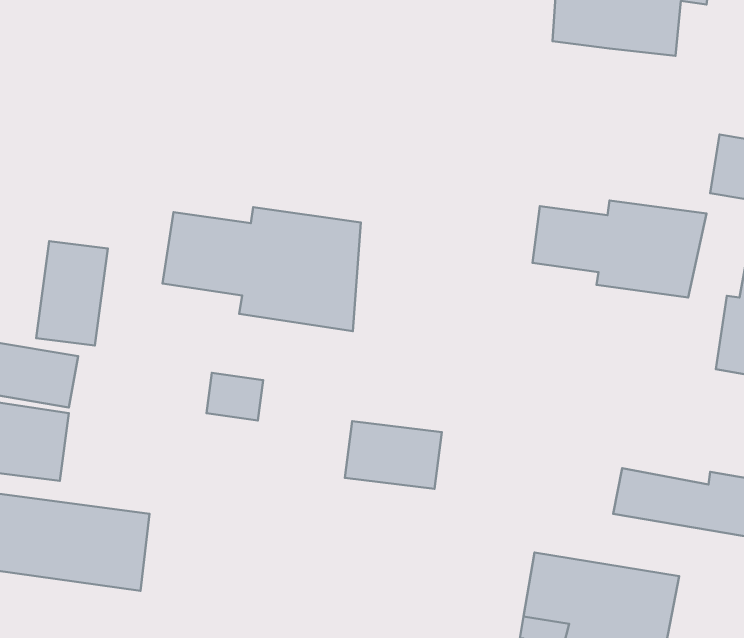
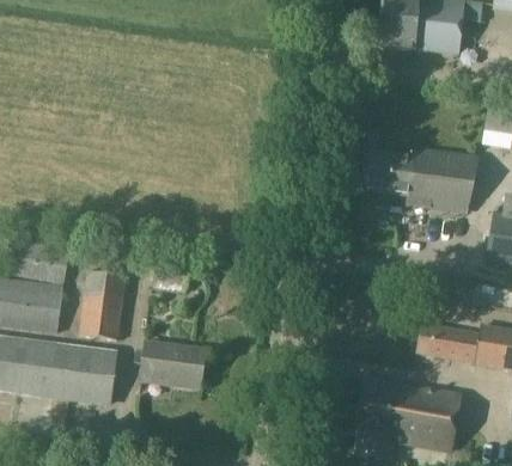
building: [163,207,361,331] -> none
building: [36,241,108,346] -> [80,271,127,339]
building: [345,421,442,489] -> [141,342,205,386]

